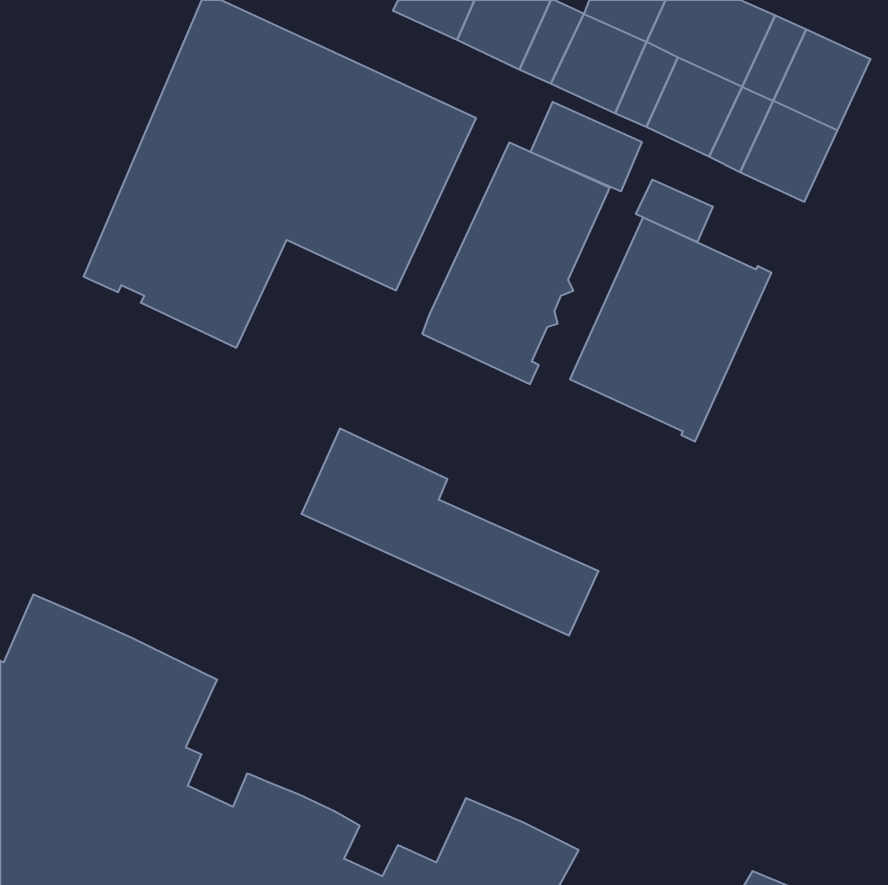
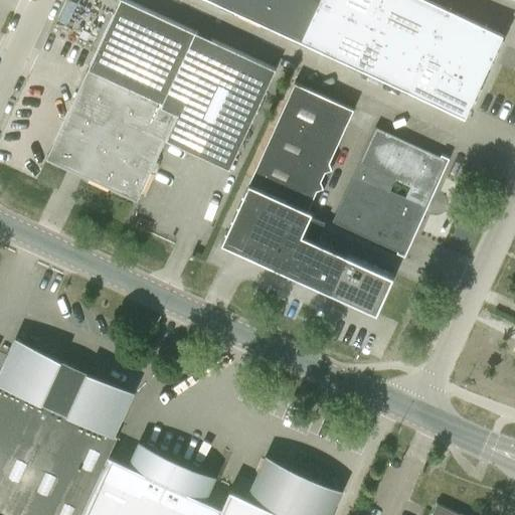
building: [531,102,642,191] -> none
building: [636,180,713,242] -> none
building: [301,429,599,636] -> [222,195,394,315]

